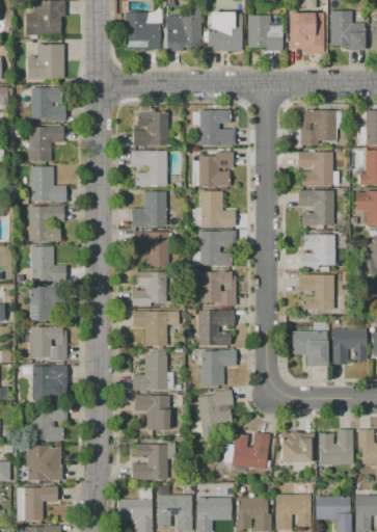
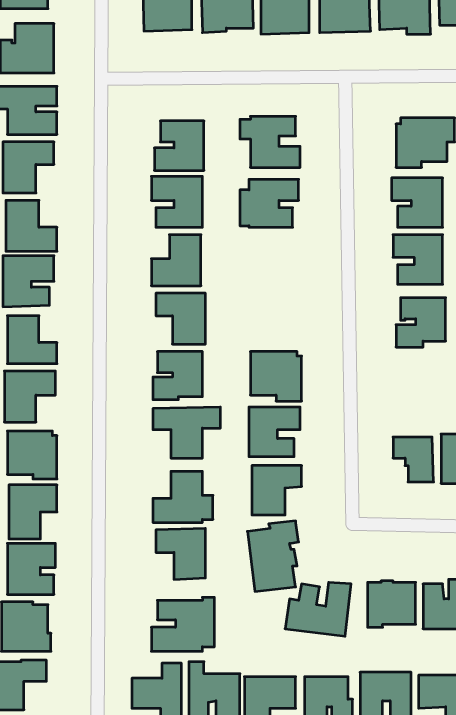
building: [193,191,236,225] -> none
building: [193,231,233,265] -> none
building: [299,274,334,310] -> none

